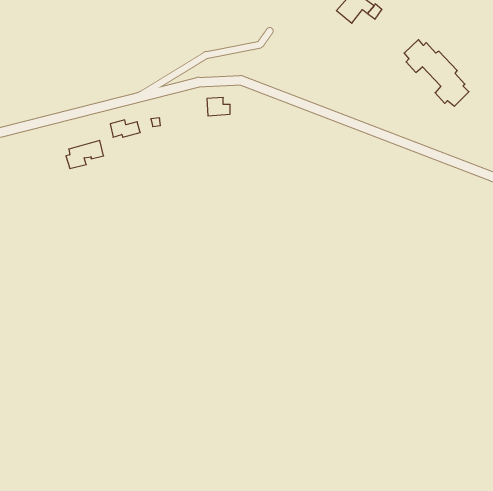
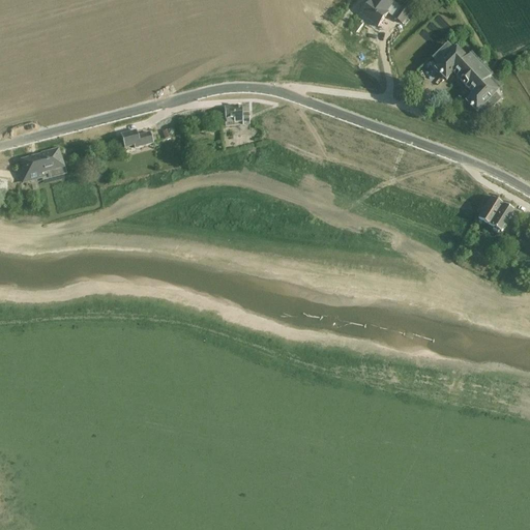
building: [66,140,104,168] -> [19,149,59,179]
building: none -> [478,195,513,232]

